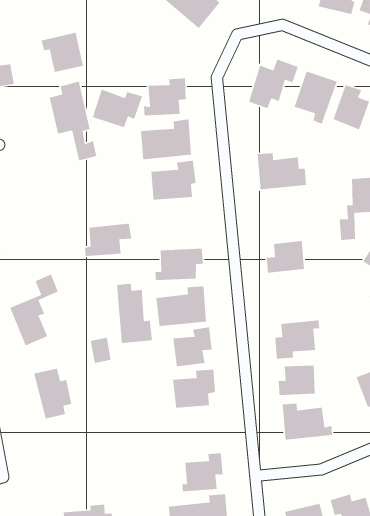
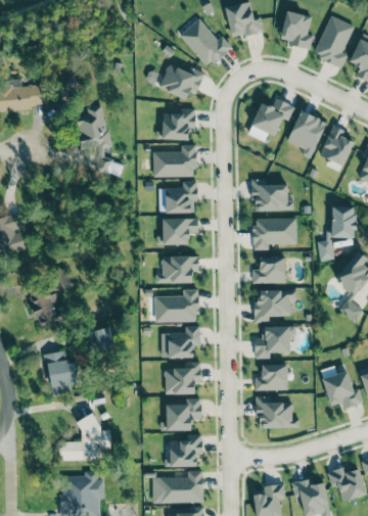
building: [40,32,84,73] -> none
building: [92,88,143,128] -> [159,64,205,100]
building: none -> [254,218,297,250]
building: [84,223,132,257] -> [157,219,199,245]
building: none -> [256,290,296,323]
building: [116,283,153,344] -> none
building: none -> [160,398,201,431]
building: none -> [60,418,110,461]

